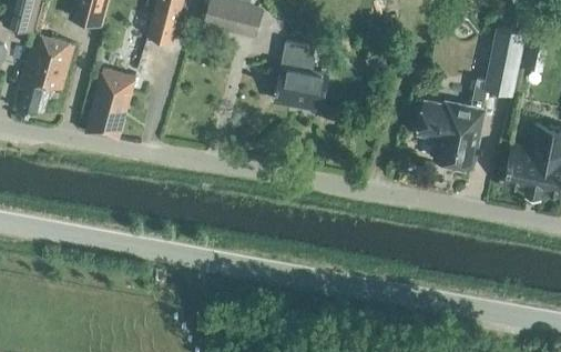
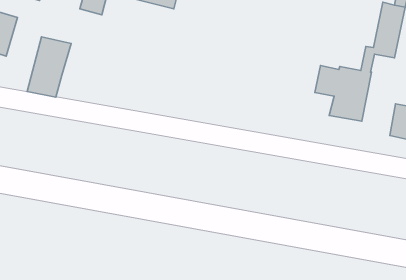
building: [275,41,328,108] -> none

